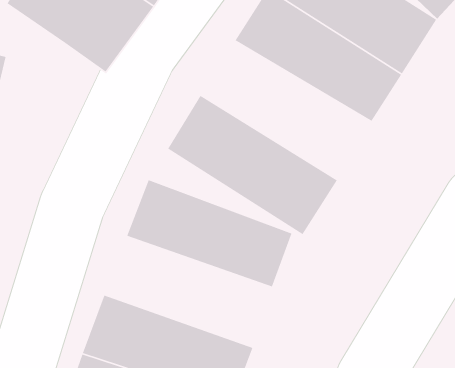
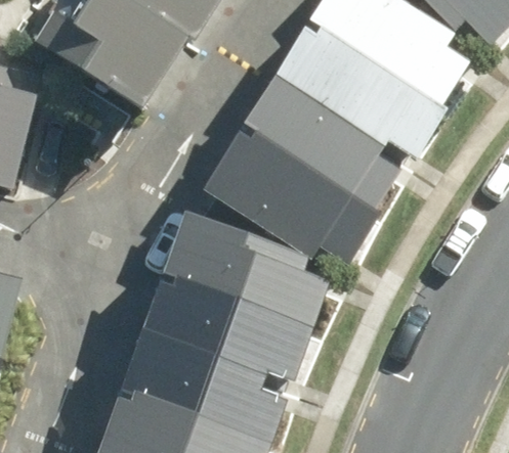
building: none -> [236,77,411,219]
building: none -> [137,276,309,390]

